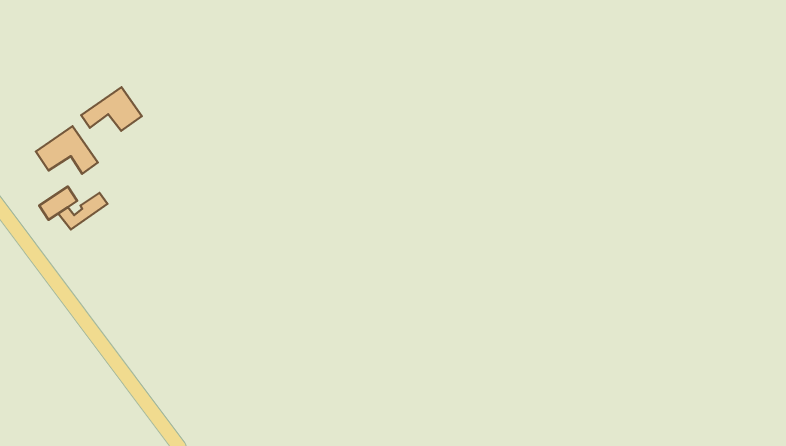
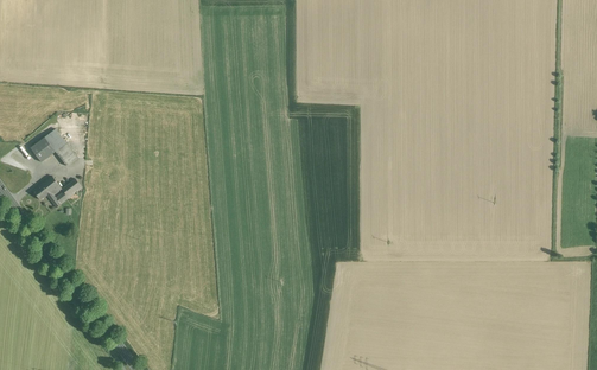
building: [81,87,142,131] -> none

